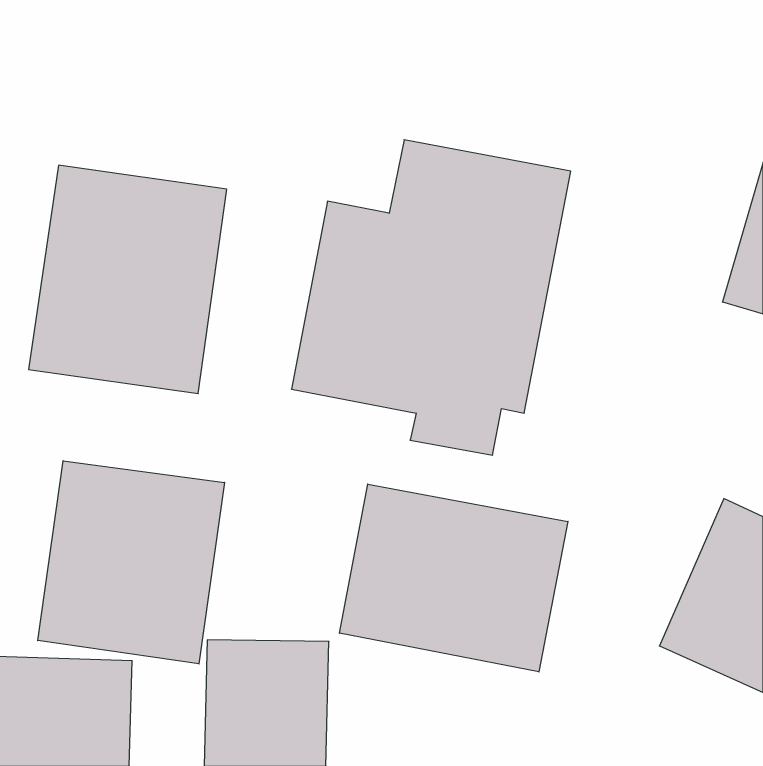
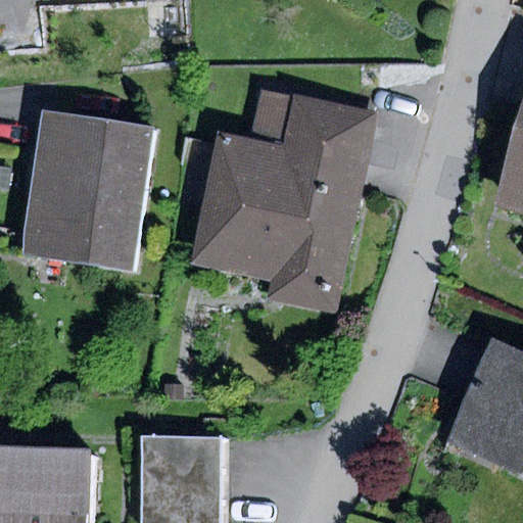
building: [38,461,225,664] -> none
building: [339,484,568,672] -> none

